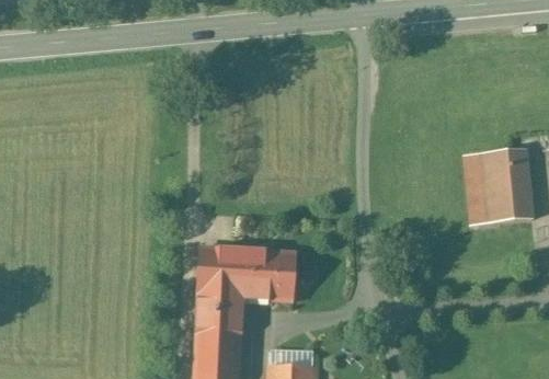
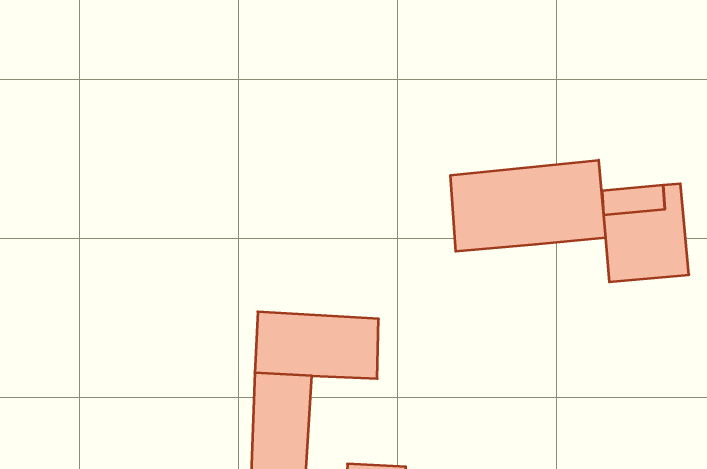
building: none -> [451,160,606,251]

